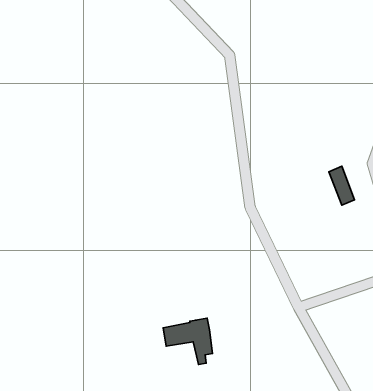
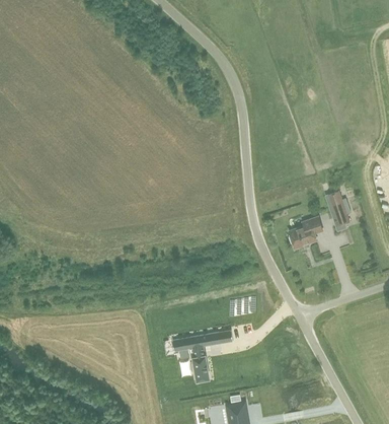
building: none -> [289,220,322,251]

